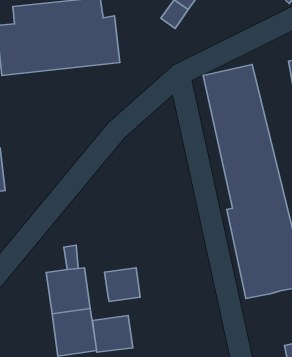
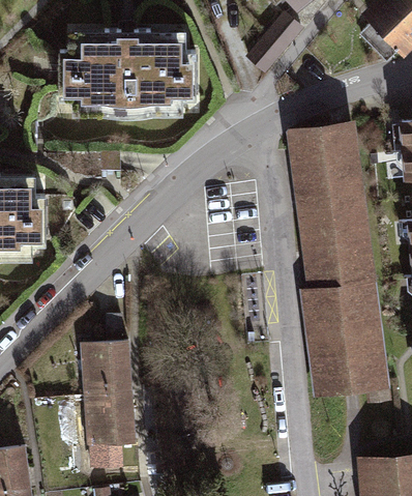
building: [104,268,140,301] -> none
building: [93,315,133,352] -> none

